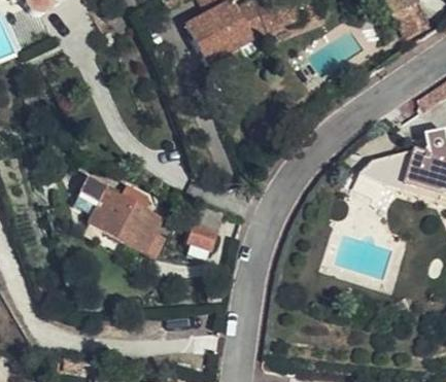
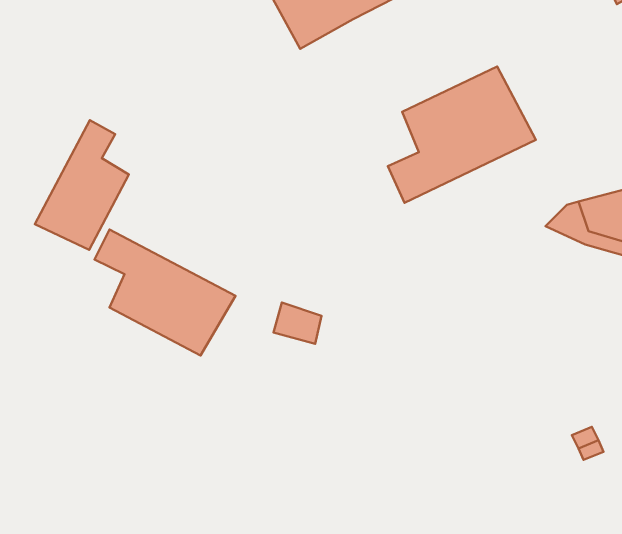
building: none -> [388,66,536,203]
building: none -> [35,120,129,250]

